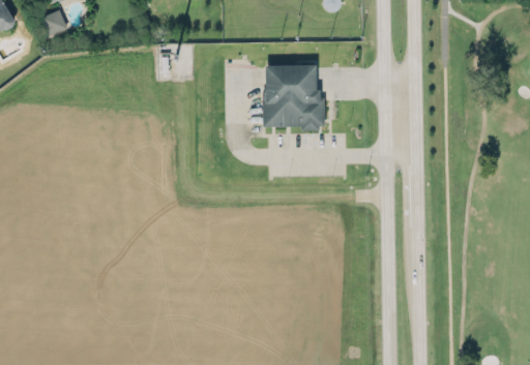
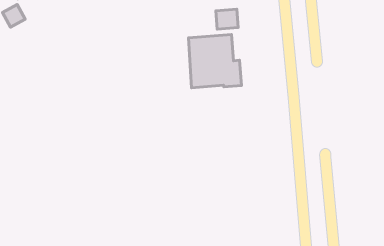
building: none -> [216,9,238,29]

